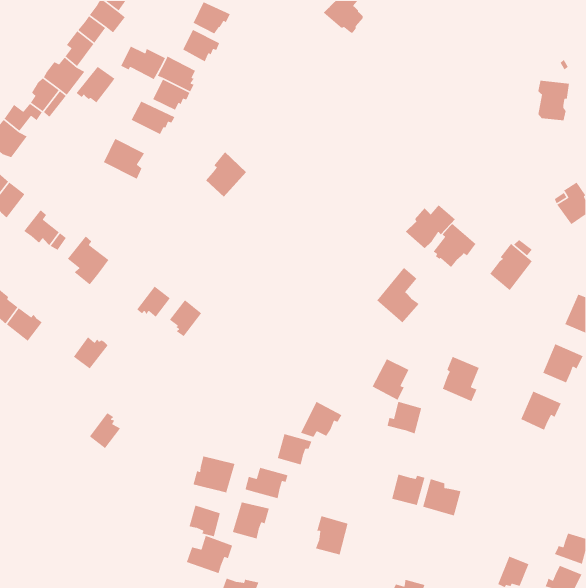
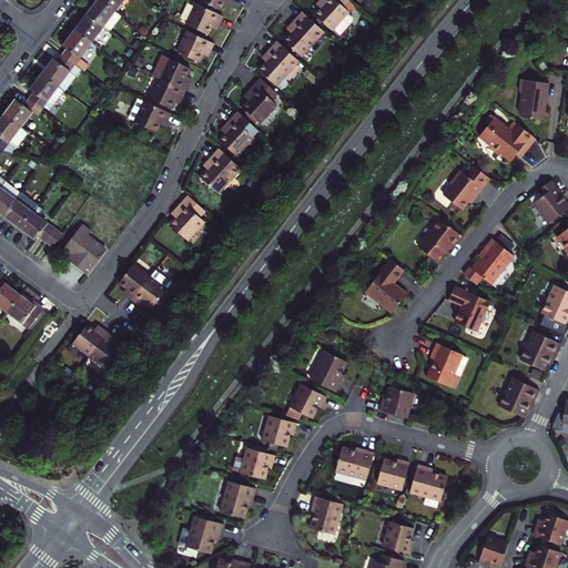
building: none -> [282,13,323,58]
building: none -> [256,42,296,87]
building: [120,45,166,80] -> none
building: [75,66,115,103] -> none
building: none -> [237,78,274,121]
building: none -> [214,110,253,153]
building: none -> [477,113,535,162]
building: [103,138,145,180] -> none
building: none -> [7,189,40,224]
building: none -> [166,195,202,239]
building: [405,204,456,249] -> [438,164,487,207]
building: none -> [450,288,491,333]
building: [169,299,202,337] -> [116,263,149,300]
building: [371,358,410,401] -> [311,356,347,397]
building: [89,412,121,449] -> [87,334,118,369]
building: [192,455,235,494] -> none
building: none -> [335,446,373,478]
building: [188,505,221,537] -> none
building: none -> [386,527,417,559]

